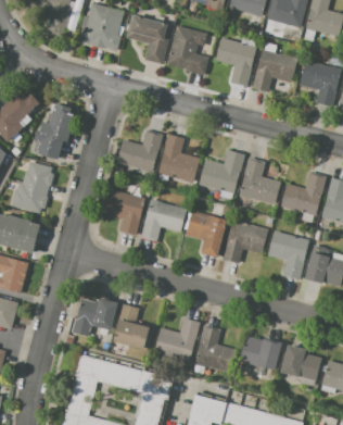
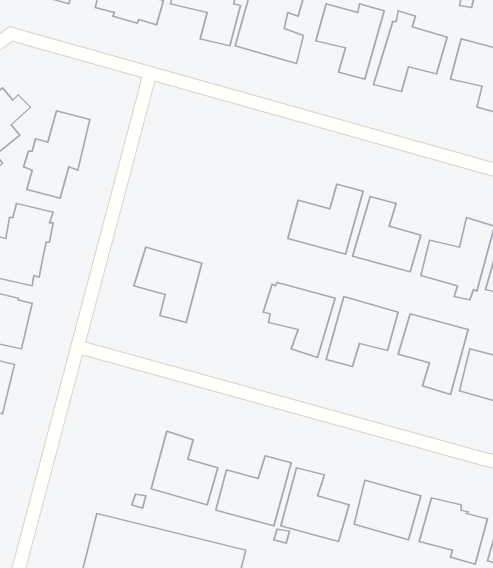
building: [116,130,162,174] -> none
building: [156,134,199,183] -> none
building: [140,199,186,241] -> none
building: [72,298,117,337] -> none

